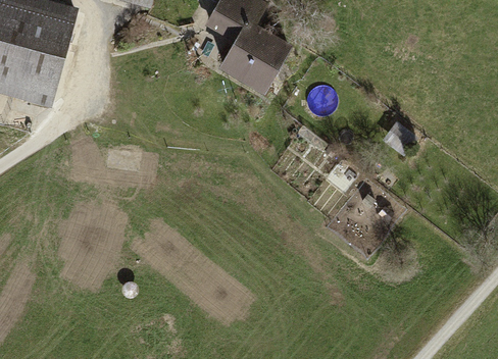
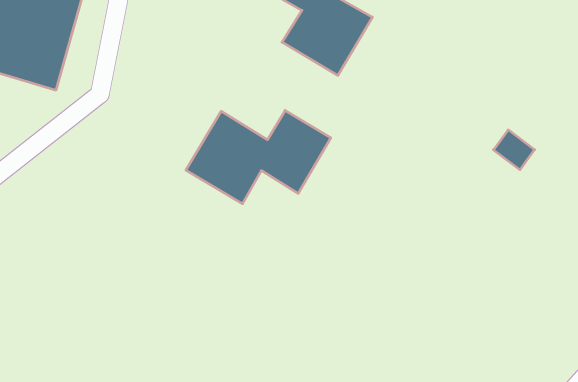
building: none -> [186,110,331,204]

